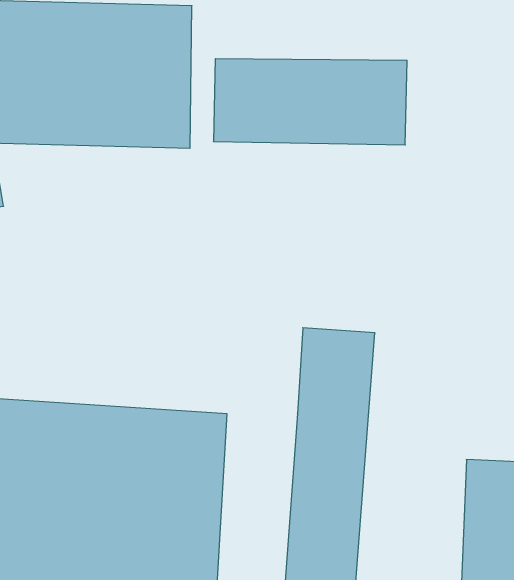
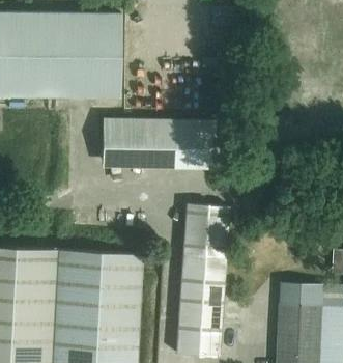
building: [213,59,407,145] -> [101,119,215,170]

